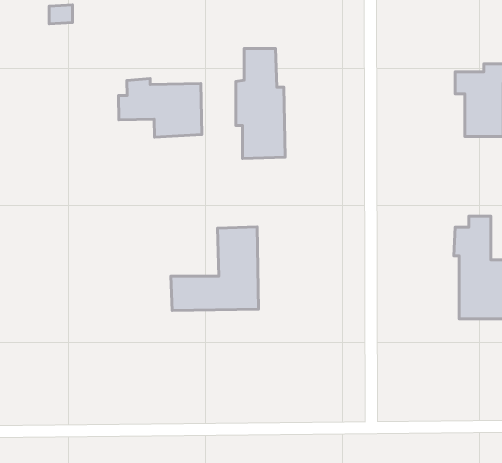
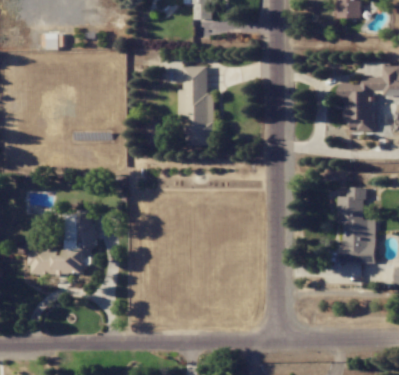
building: [118,78,202,137] -> none
building: [171,227,259,310] -> [28,213,92,274]

